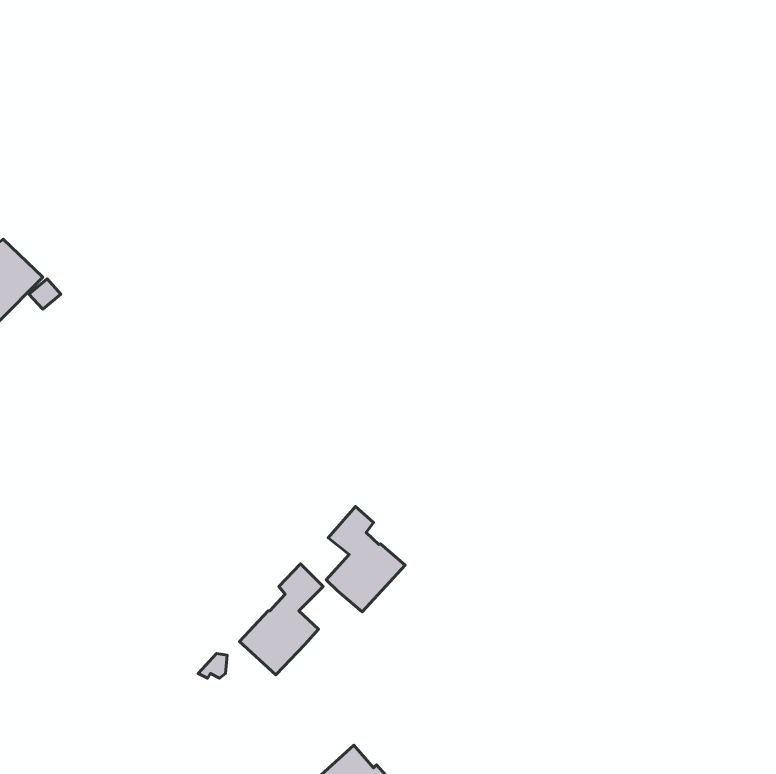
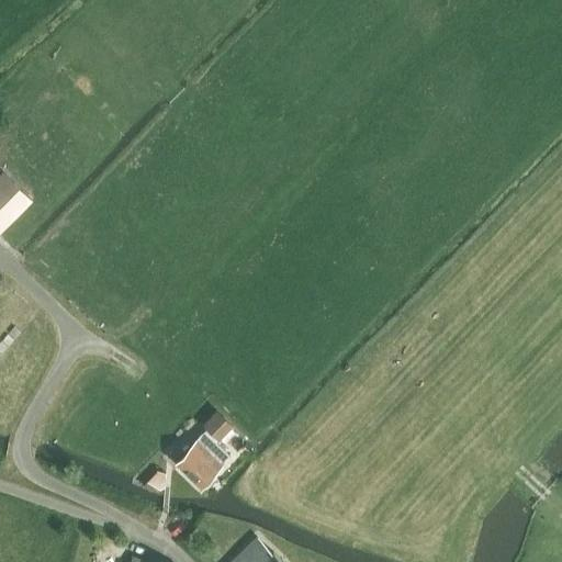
building: [326,507,405,612] -> none

